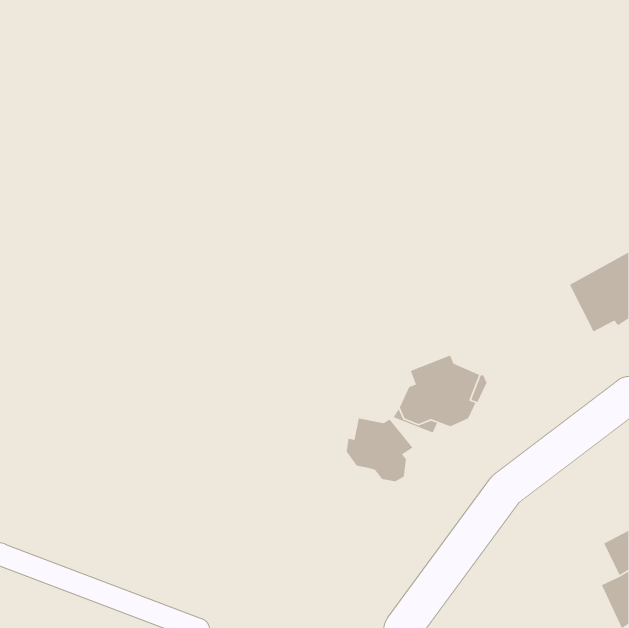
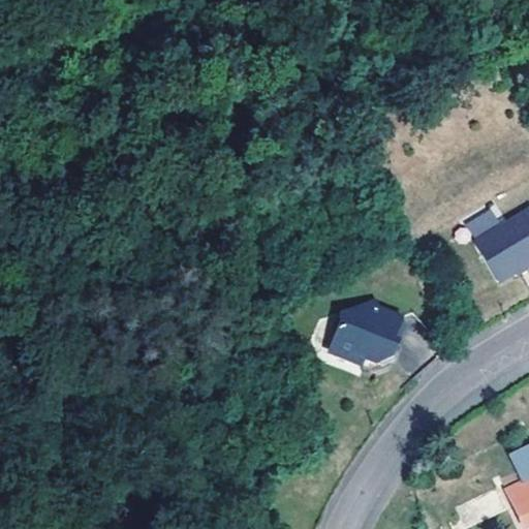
building: [346,418,413,482] -> none

